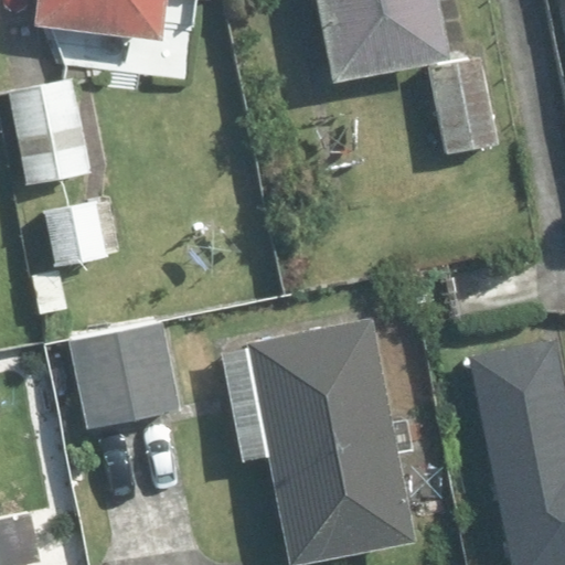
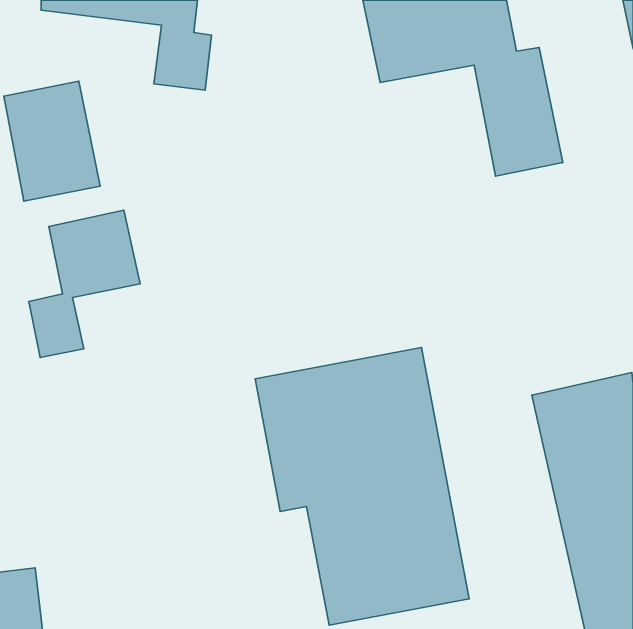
building: [65,322,184,433] -> none

